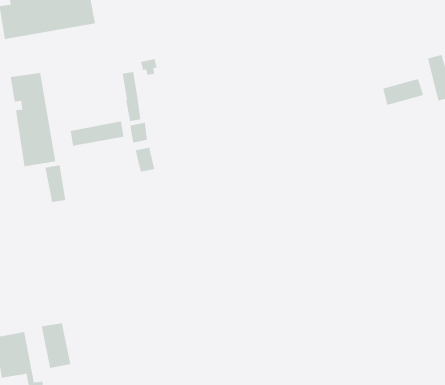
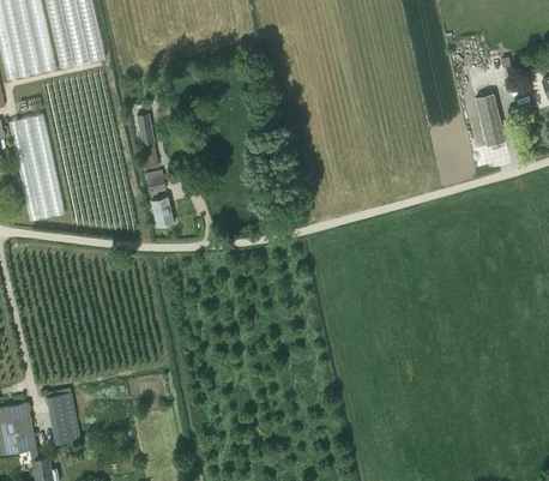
building: [382,78,424,106] -> none
building: [70,120,125,146] -> none
building: [45,164,66,203] -> none

